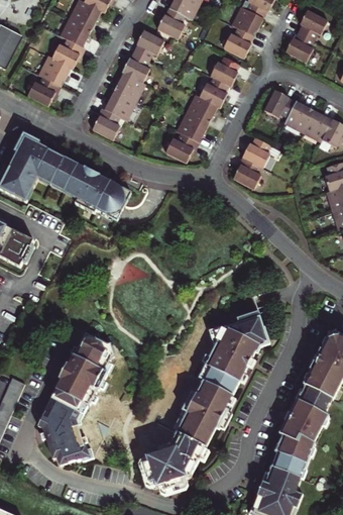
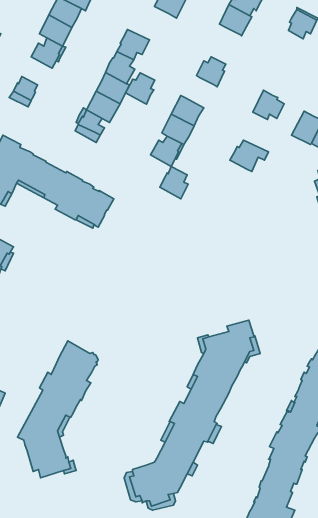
building: [157,8,185,38] -> none
building: [224,28,252,58] -> none
building: [285,31,313,62] -> none
building: [40,55,69,85] -> none
building: [199,77,227,107] -> [126,73,155,104]
building: [283,100,314,132] -> none
building: [233,158,260,189] -> [160,166,188,199]

